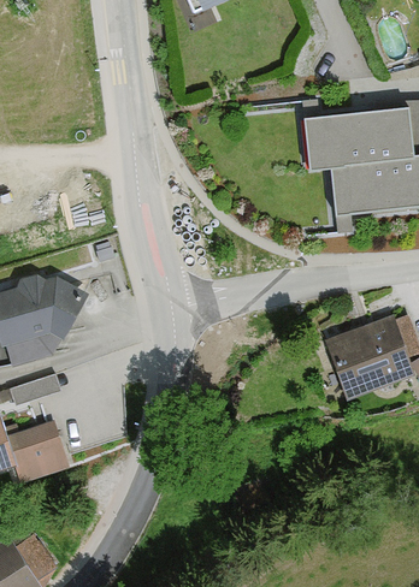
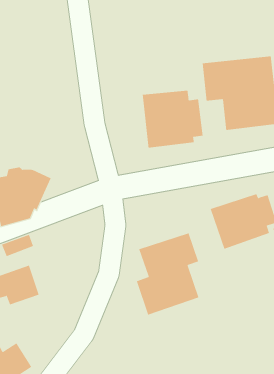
building: none -> [142,90,203,149]
building: none -> [136,232,199,315]

